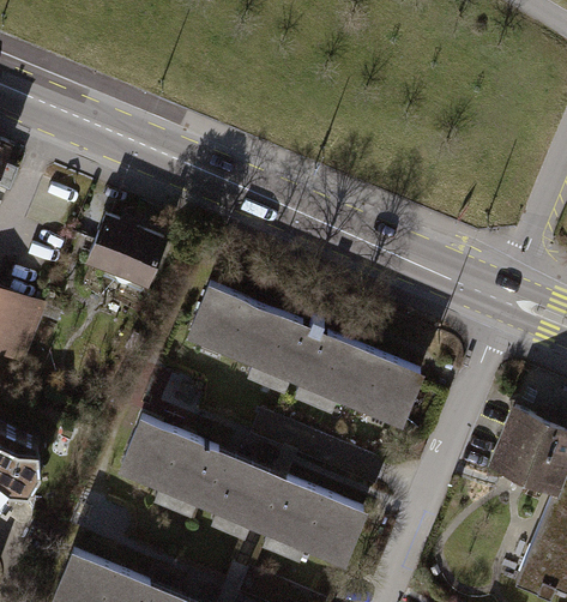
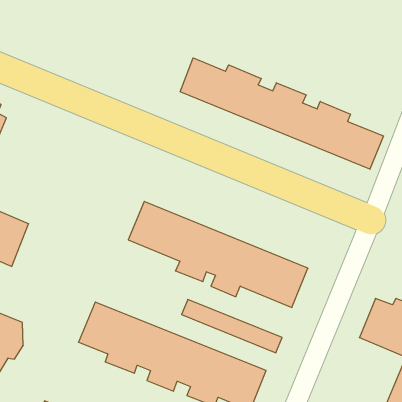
building: none -> [180,58,384,169]
building: [91,221,168,285] -> none

